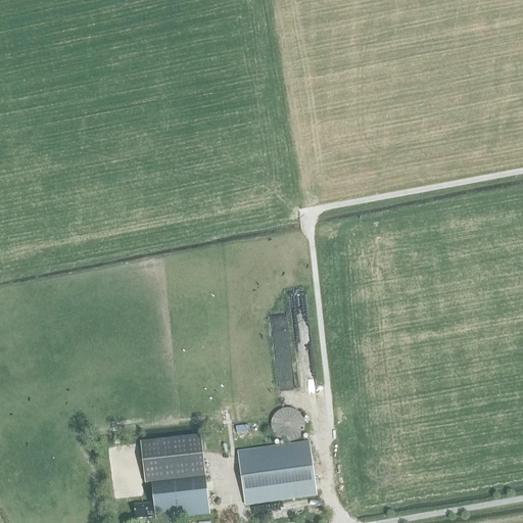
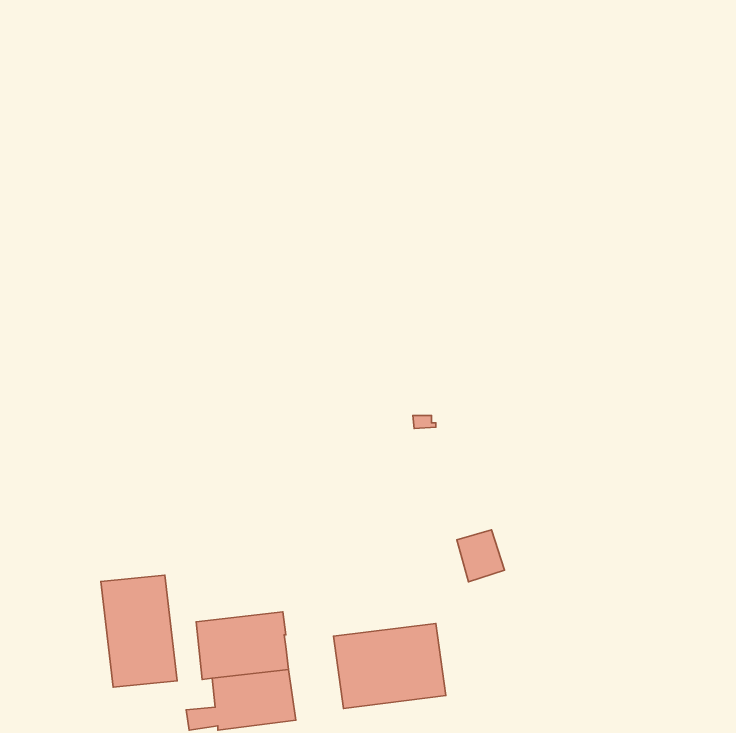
building: [276,405,310,441] -> [457,530,505,582]
building: none -> [101,575,177,687]

